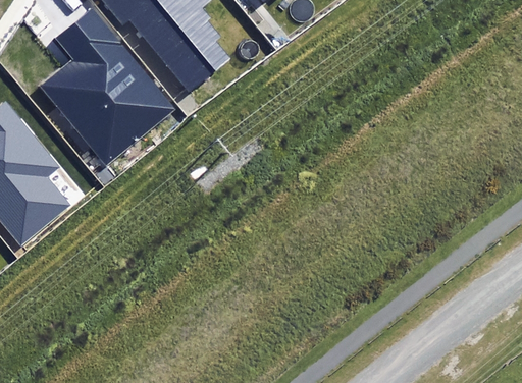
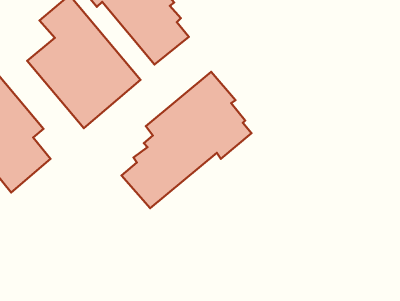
building: none -> [122,72,251,208]

